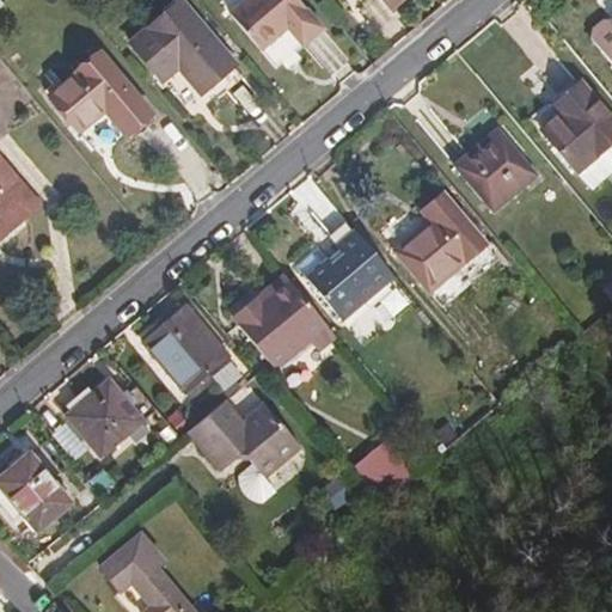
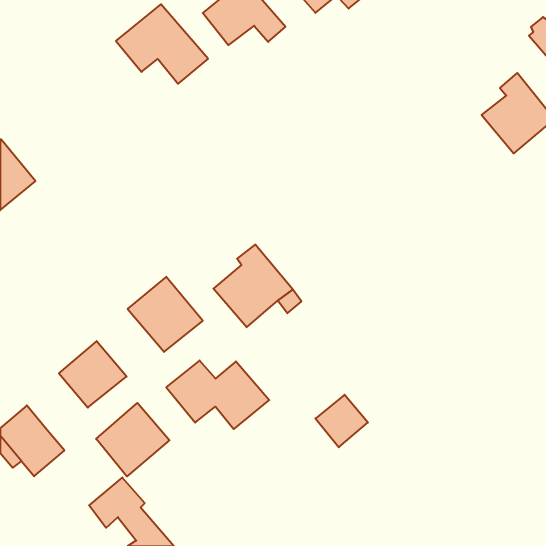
building: [51,55,151,135] -> none
building: [455,128,537,210] -> none
building: [392,194,485,292] -> none
building: [300,230,394,318] -> none
building: none -> [96,403,169,476]

